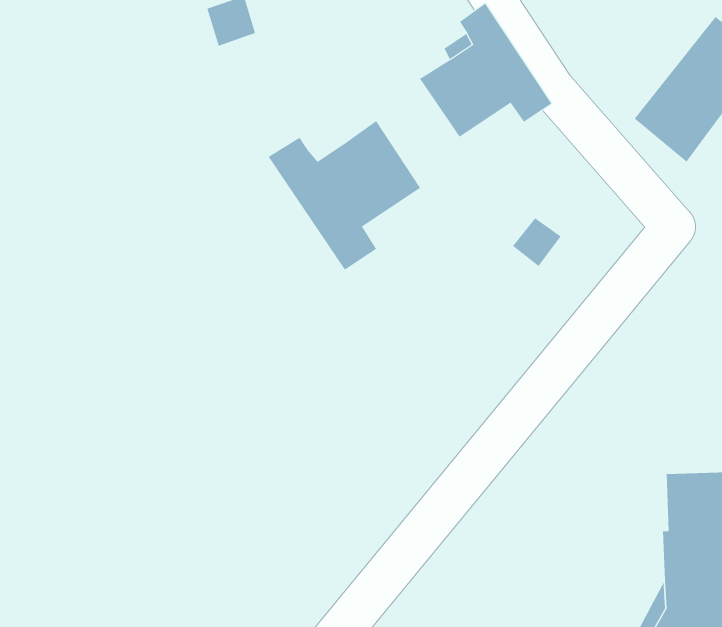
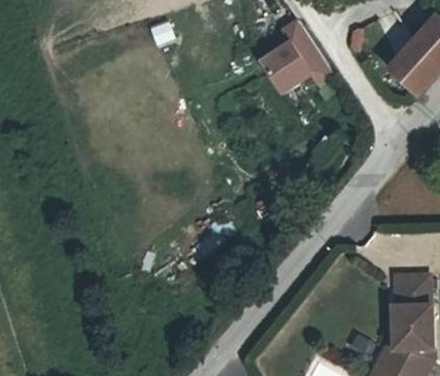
building: [268,120,421,270] -> none

